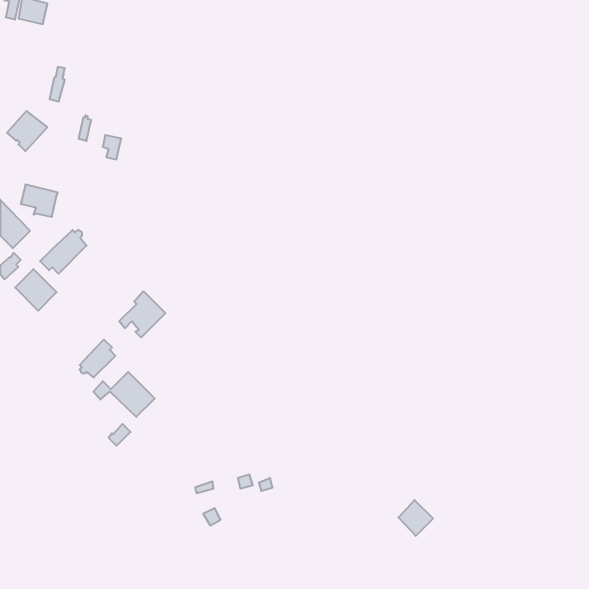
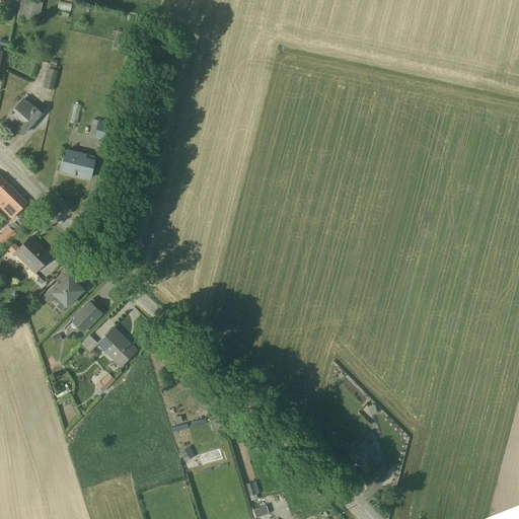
building: [21,184,58,217] -> [63,149,95,177]
building: [40,230,87,274] -> none
building: [119,291,165,337] -> [43,270,83,310]

